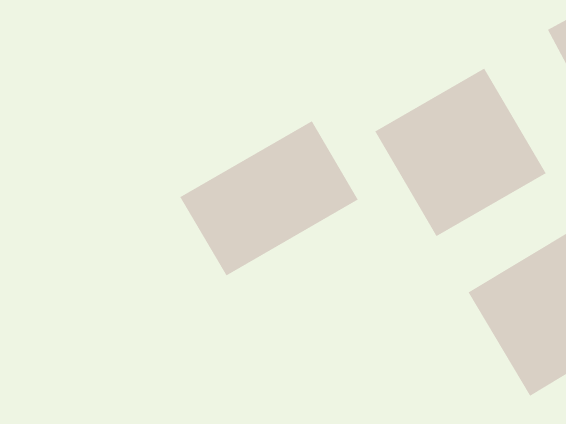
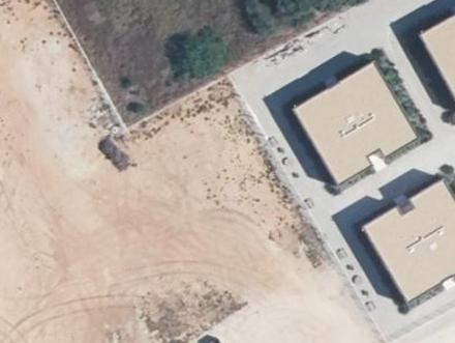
building: [179,120,359,276] -> none

